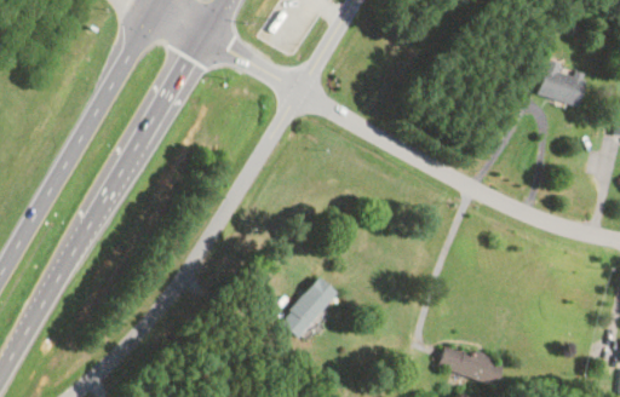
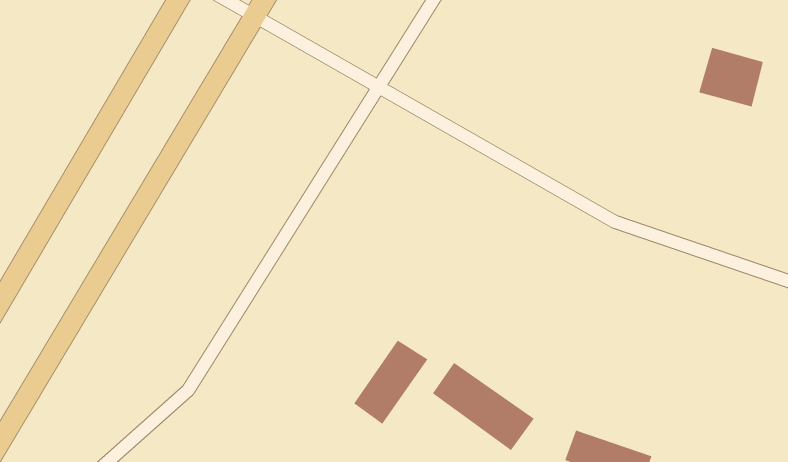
building: none -> [432,362,535,451]

